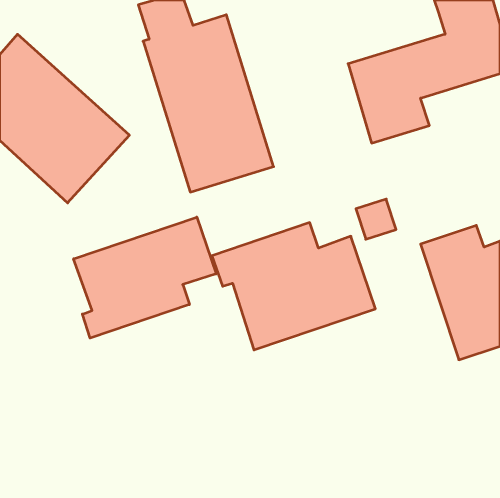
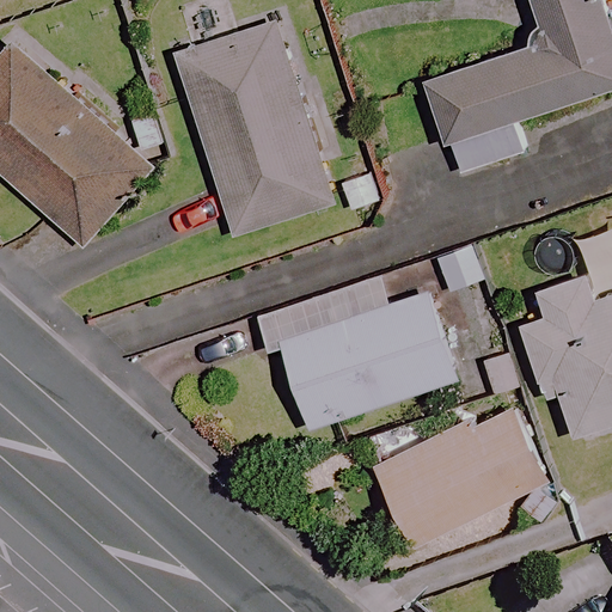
building: [74,217,216,338] -> none
building: none -> [372,396,546,546]

